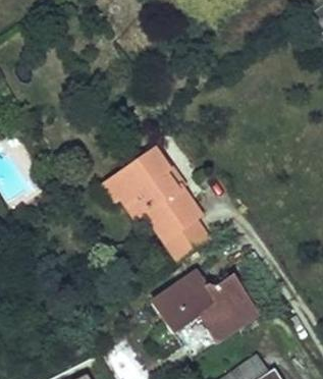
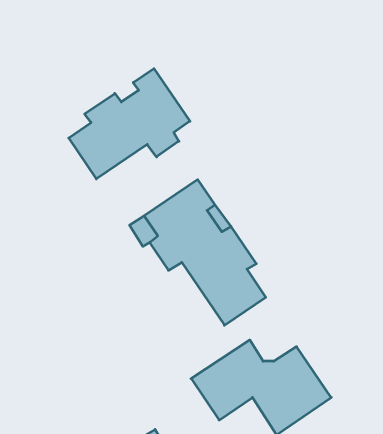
building: none -> [69,69,190,179]

